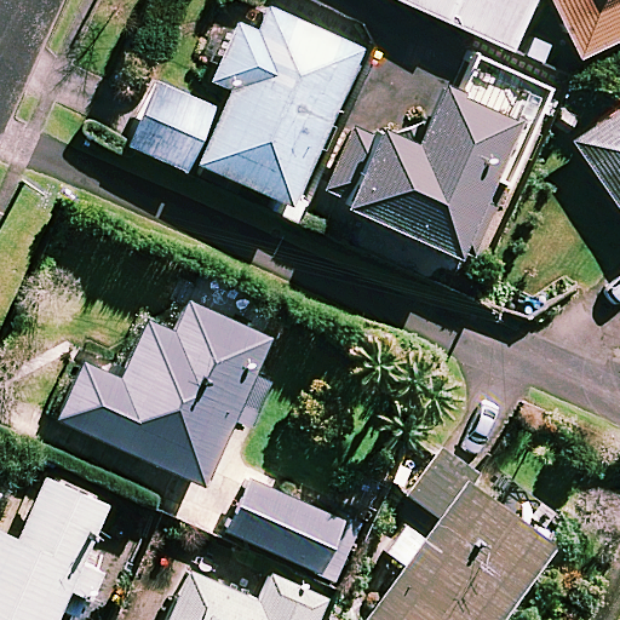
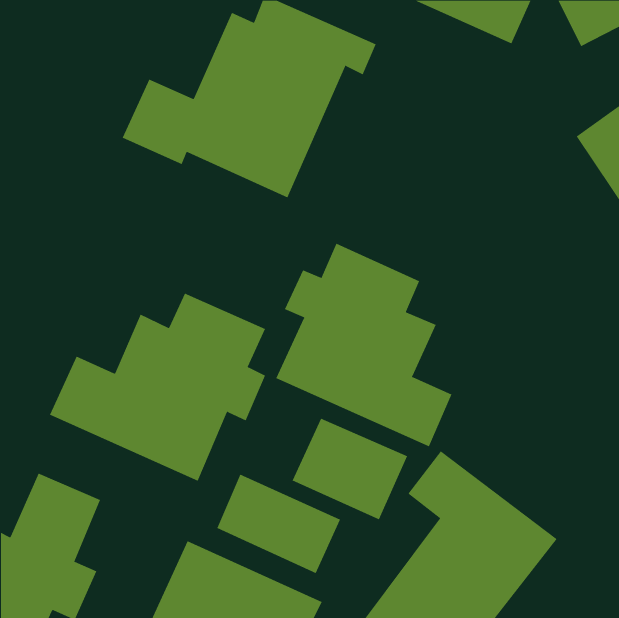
building: [329,52,547,258] -> none
building: none -> [275,243,452,447]
building: none -> [292,418,408,520]

